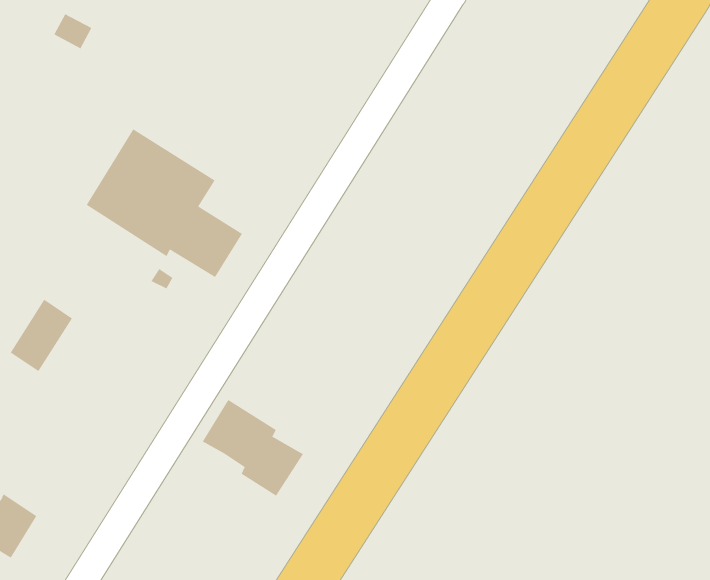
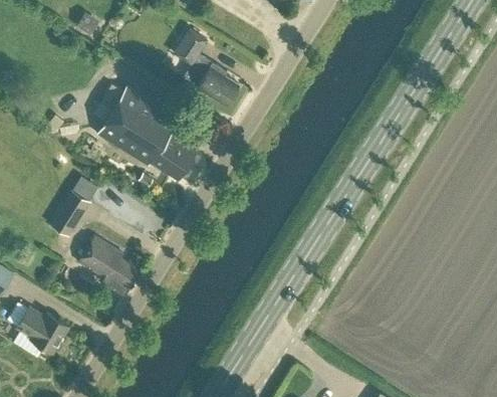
building: none -> [174,29,239,106]
building: [202,399,304,496] -> [78,236,142,296]

